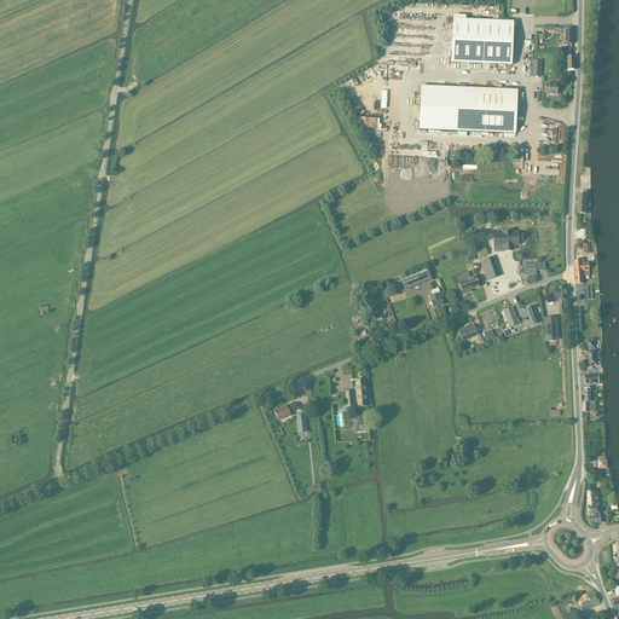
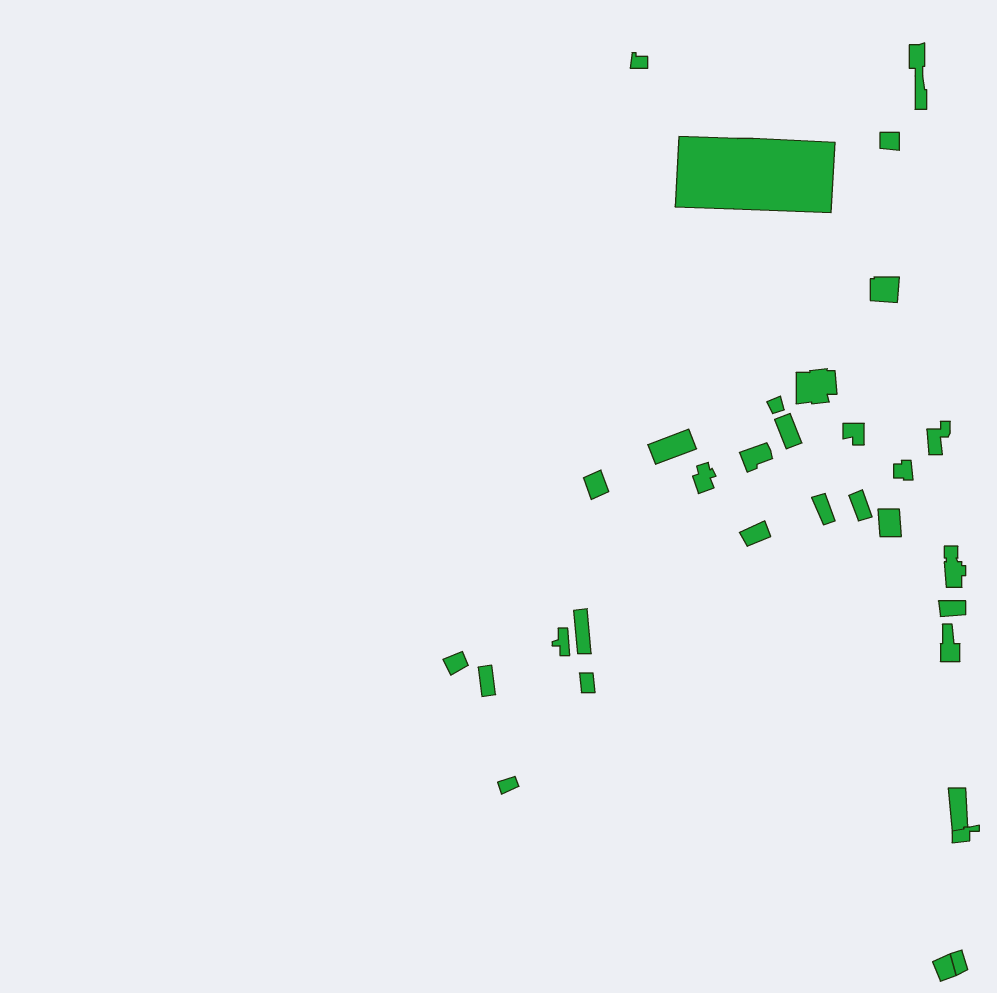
building: [451,17,514,63] -> none

